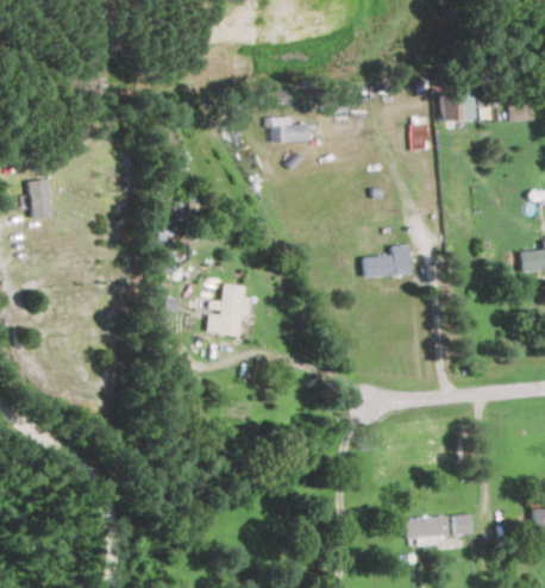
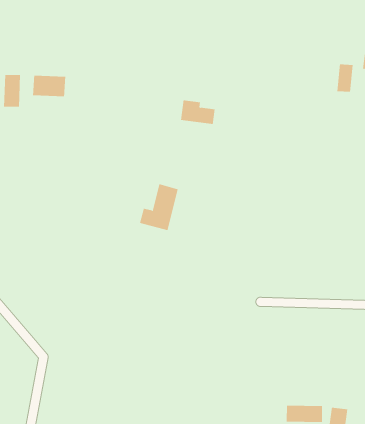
building: [269,117,308,140] -> [180,100,215,124]
building: none -> [32,75,66,97]
building: [363,245,411,276] -> none

